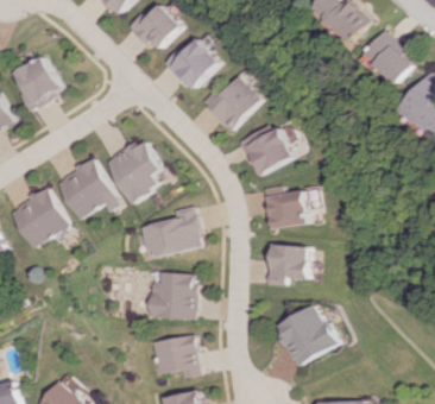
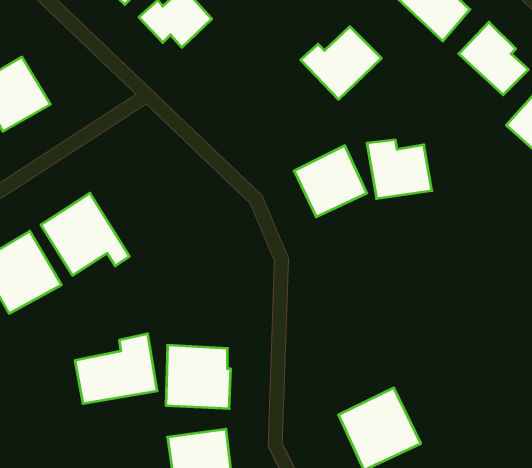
building: [163,38,220,90] -> none
building: [203,76,264,131] -> [301,27,381,99]
building: [103,138,162,203] -> none
building: [265,185,314,229] -> [367,140,432,199]
building: [140,206,202,258] -> [75,334,157,403]
building: [267,245,311,284] -> none

